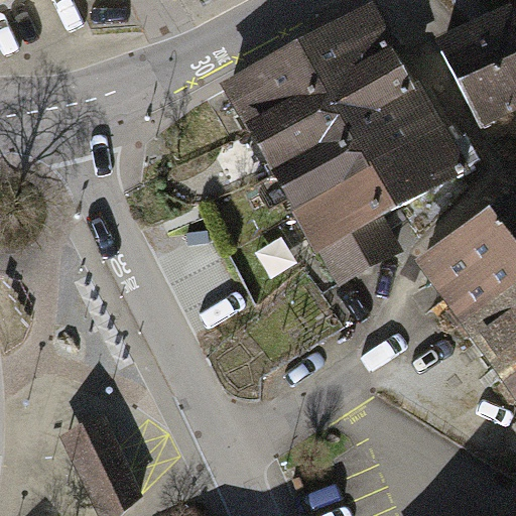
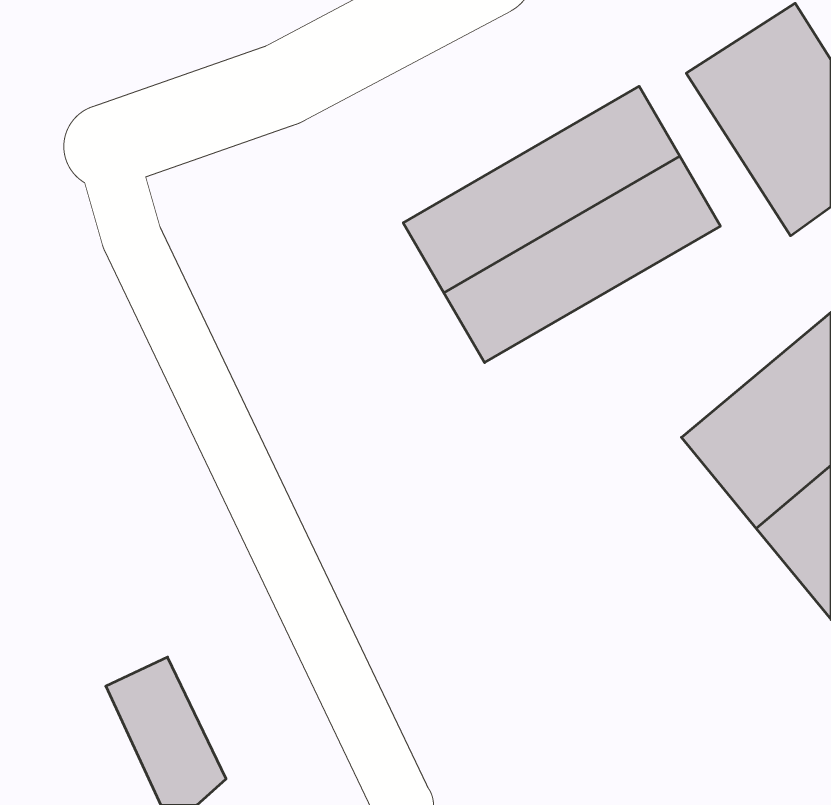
building: [225,10,396,138] -> none
building: [300,140,472,268] -> none

